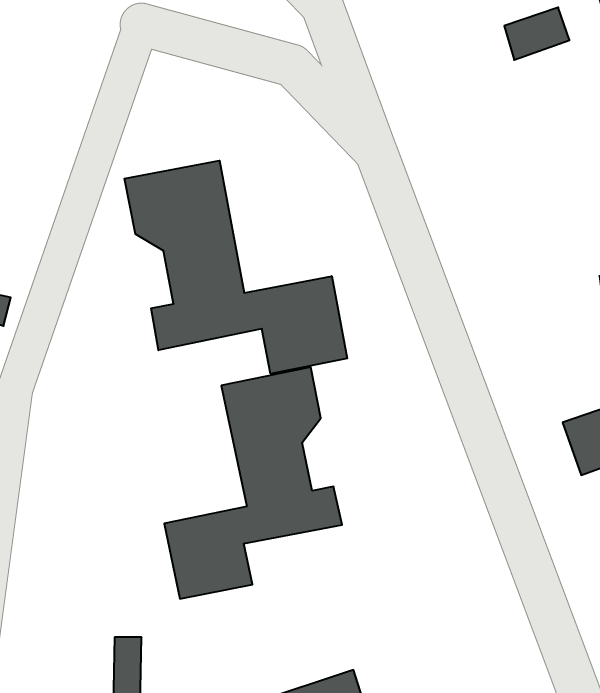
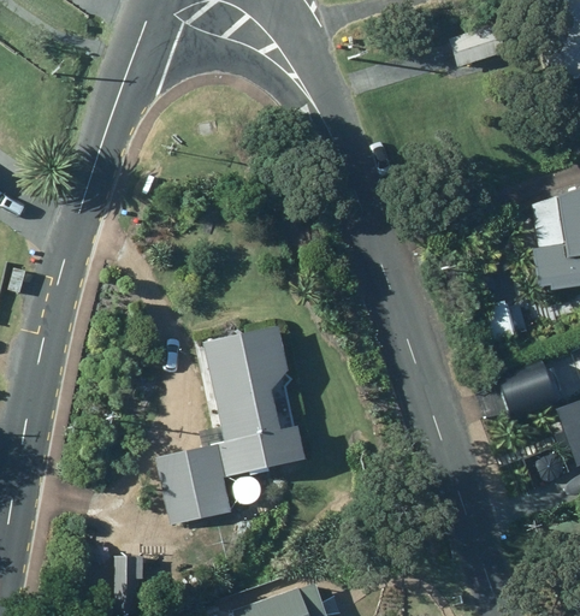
building: [124,161,347,374] -> none

